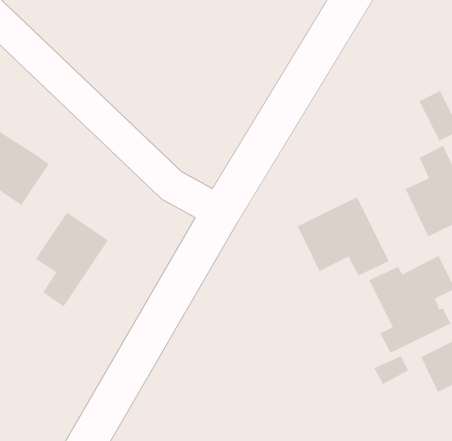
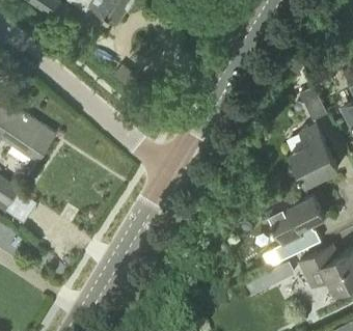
building: [296,196,390,277] -> none
building: [35,212,109,308] -> none

